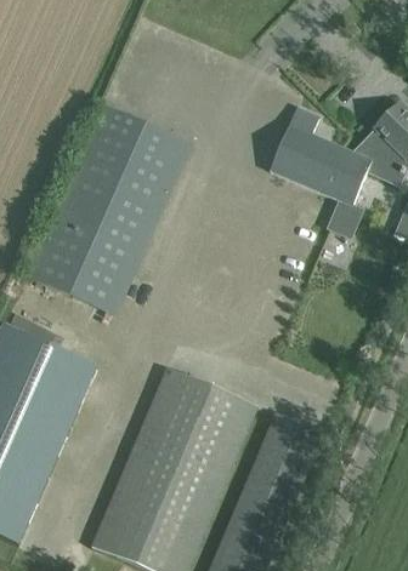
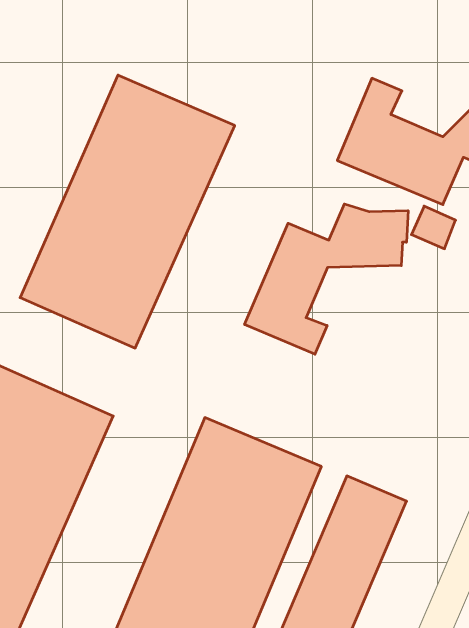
building: none -> [245,204,408,354]

